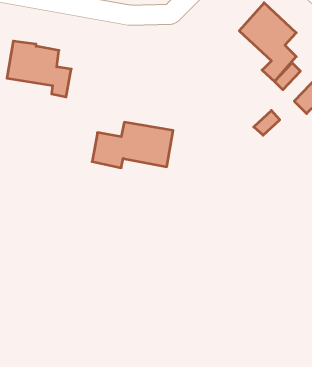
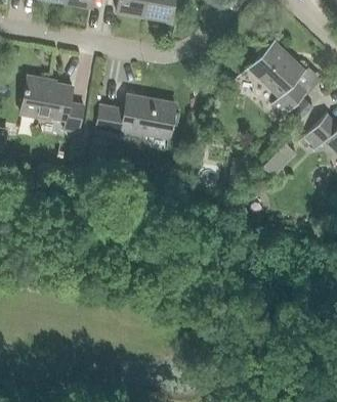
building: [92,122,173,168] -> [96,96,176,141]

